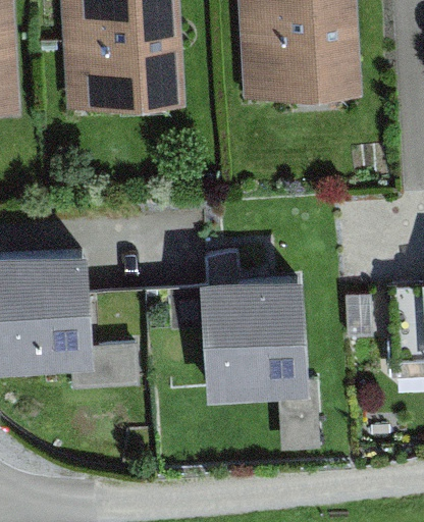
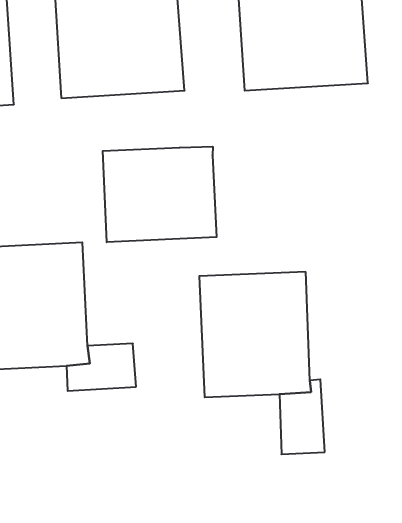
building: none -> [103,147,217,242]

